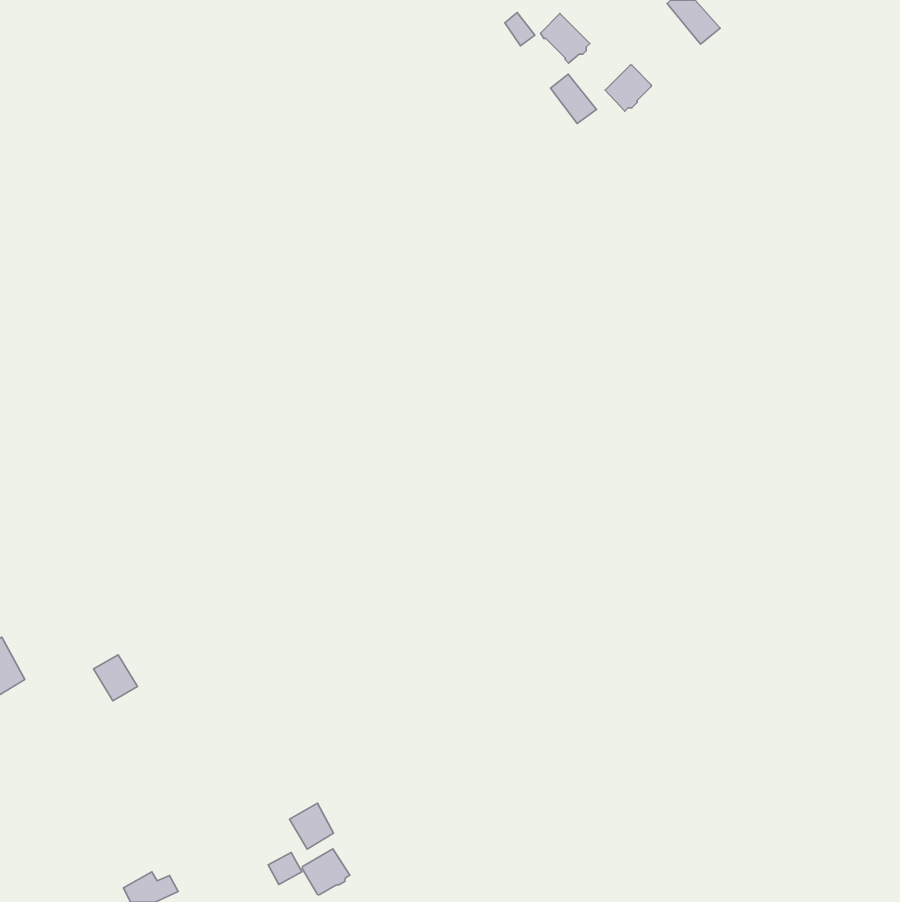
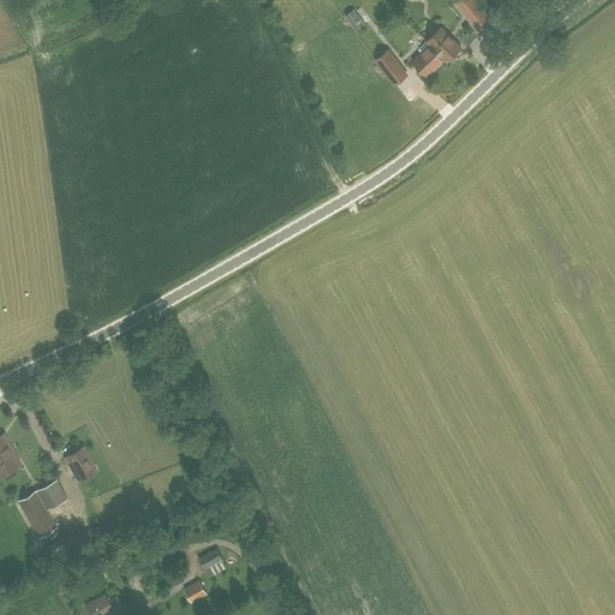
building: [540,14,590,63] -> [426,28,460,61]
building: none -> [17,479,65,537]
building: [302,849,350,895] -> none

